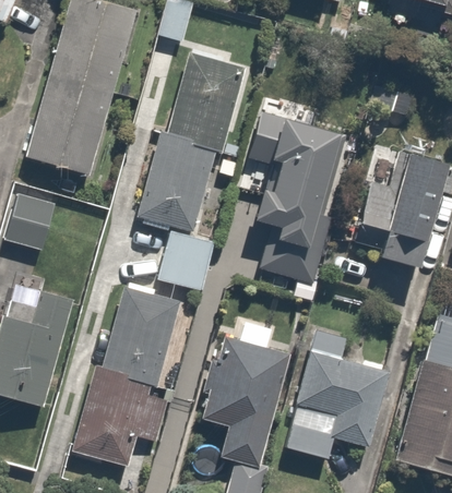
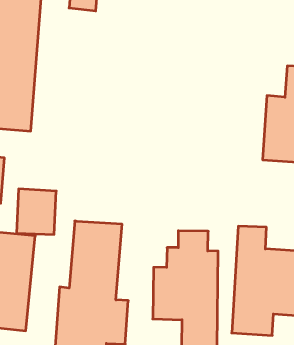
building: [138,56,247,230] -> none
building: [251,119,352,282] -> none
building: [158,230,213,290] -> [17,189,56,234]

